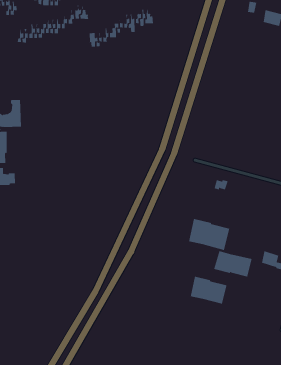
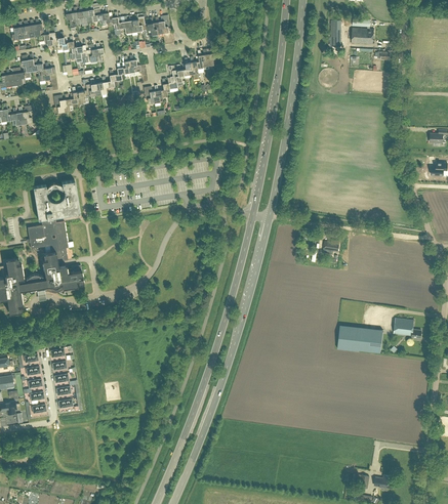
building: [188,218,230,251] -> none
building: [190,276,227,305] -> none

